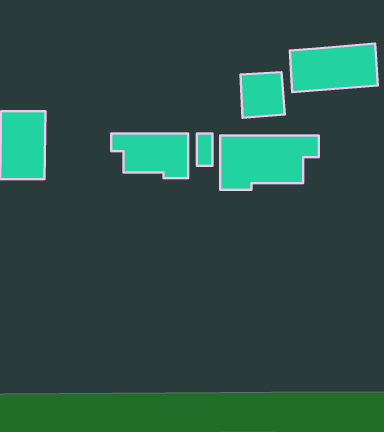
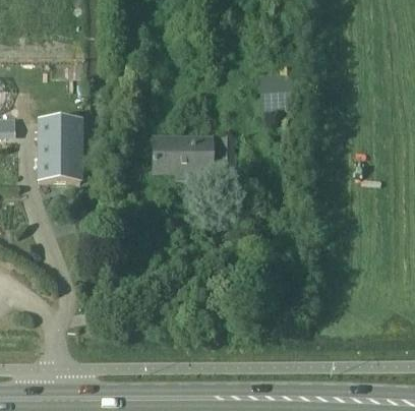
building: [290,44,378,92] -> none
building: [220,135,319,190] -> none

